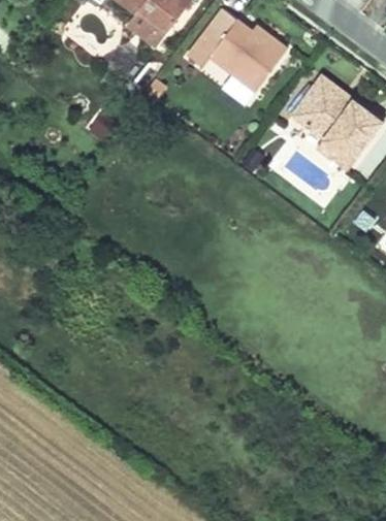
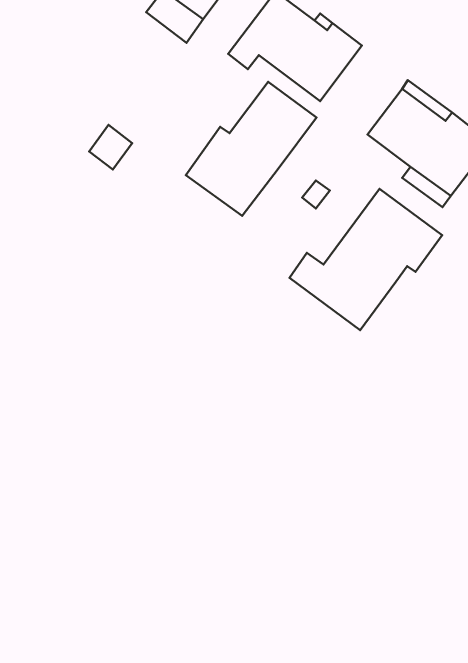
building: none -> [186,82,317,216]
building: none -> [289,189,442,330]

